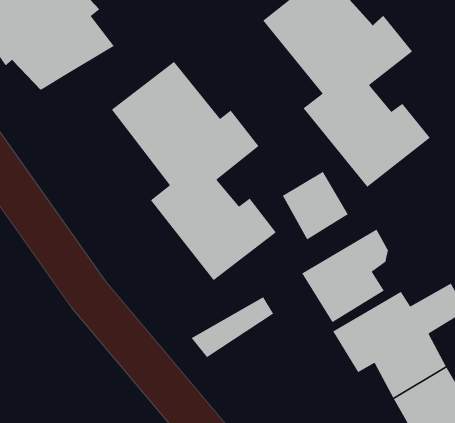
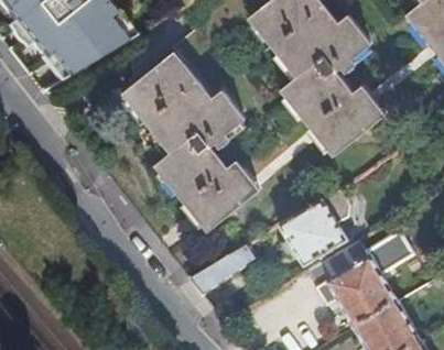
building: [282,171,349,241] -> none

